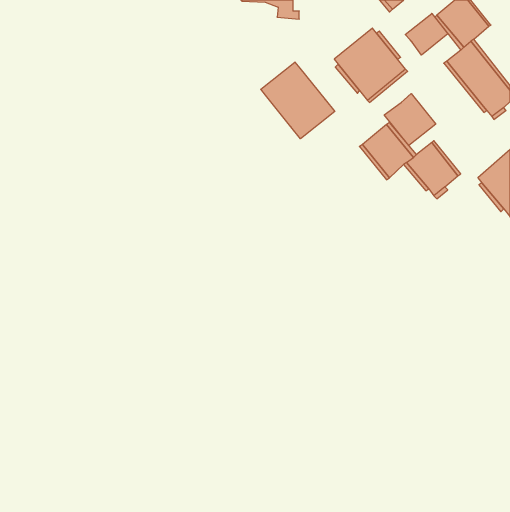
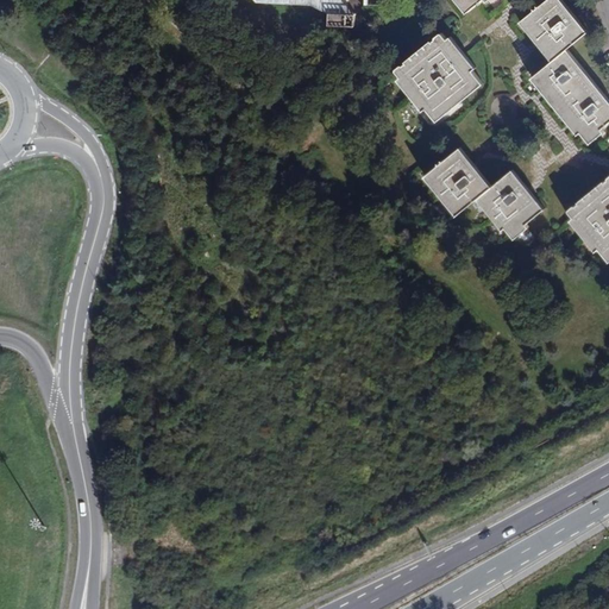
building: [405,13,448,55] -> none
building: [261,62,335,139] -> none
building: [384,94,436,146] -> none

